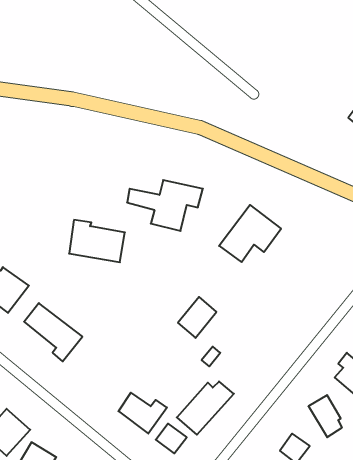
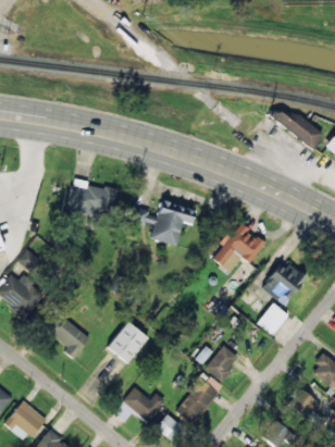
building: none -> [270,108,323,148]
building: [69,220,125,262] -> [69,178,117,215]
building: none -> [262,262,308,306]
building: none -> [257,302,288,335]
building: [178,297,216,338] -> [206,345,239,381]
building: none -> [108,321,149,363]

